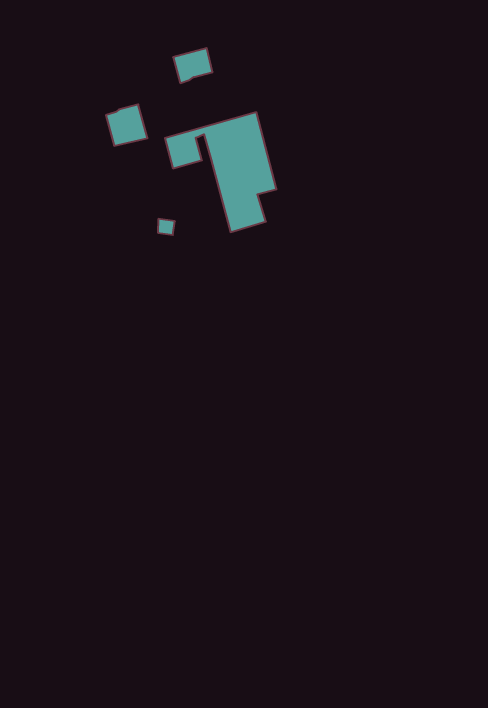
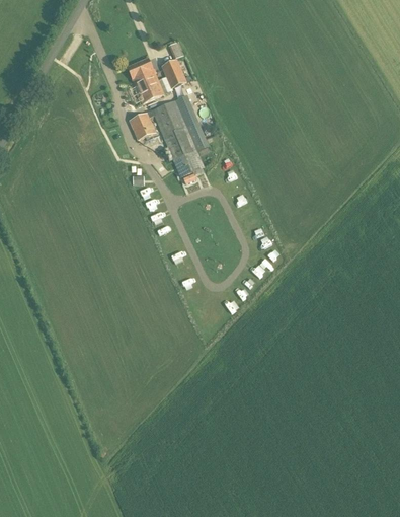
building: none -> [160,59,186,88]
building: [106,104,148,146] -> [134,73,163,102]

